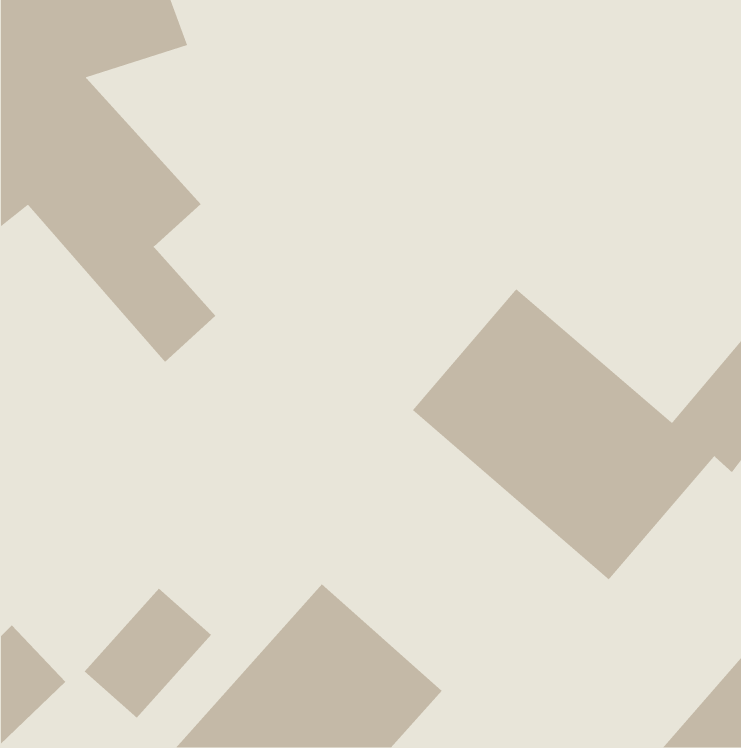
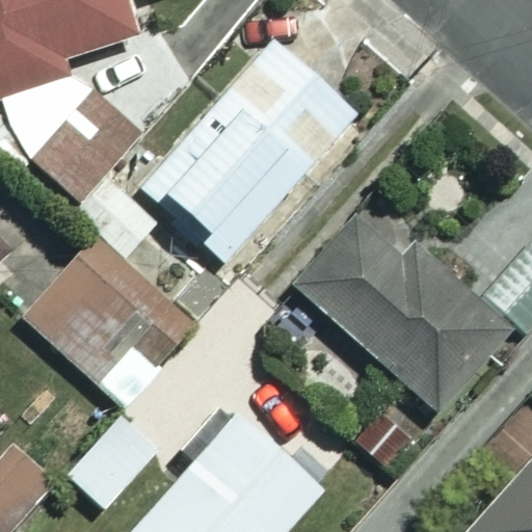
building: none -> [147,41,356,257]
building: none -> [21,237,195,411]

